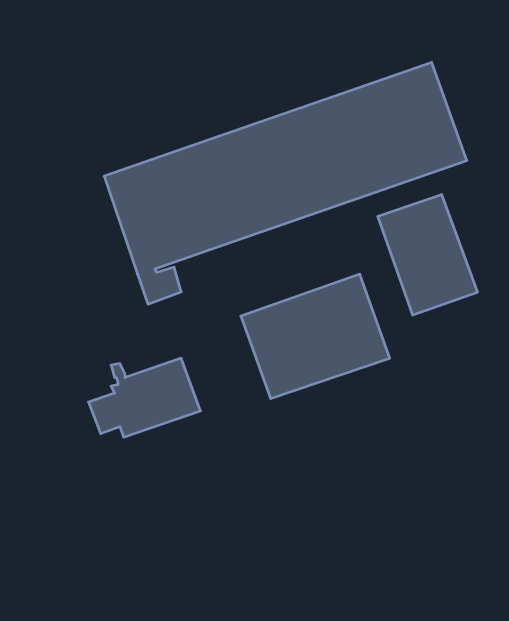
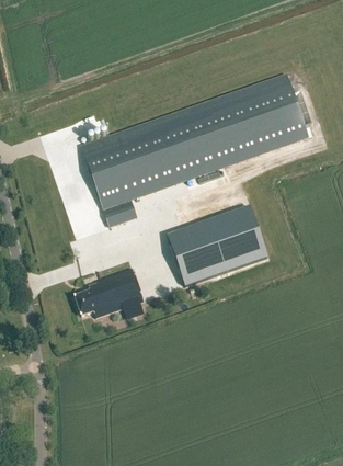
building: [378,194,477,315] -> none

